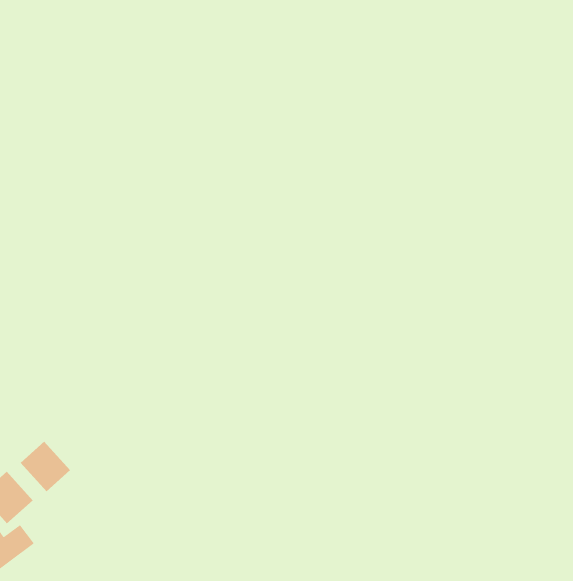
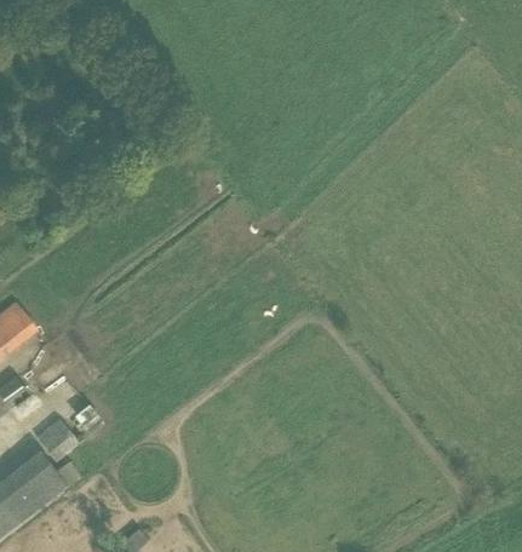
building: [20,441,71,492] -> none

